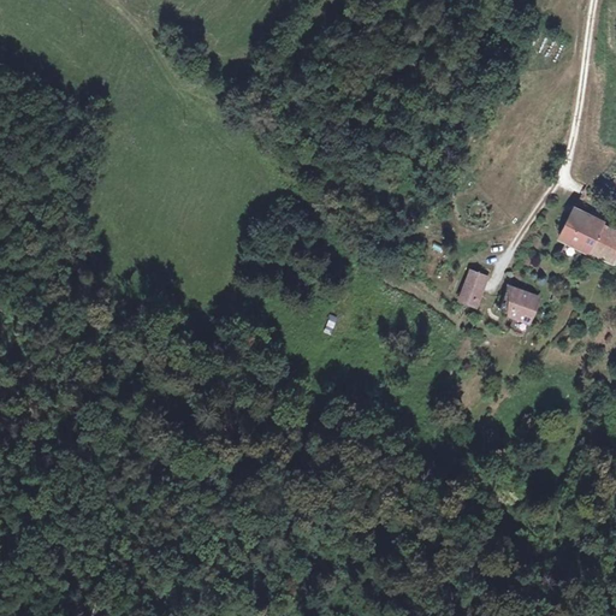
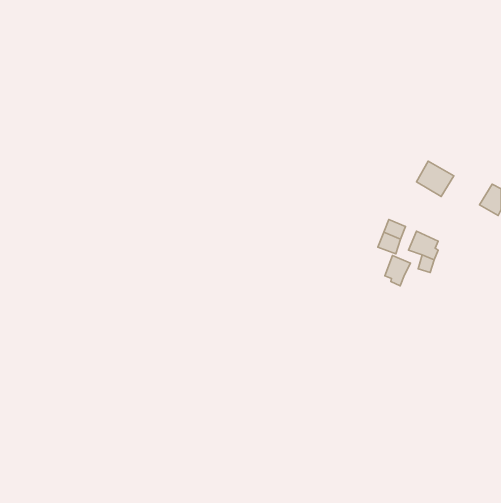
building: [556,207,602,250] -> [417,161,454,197]
building: none -> [385,256,410,286]

